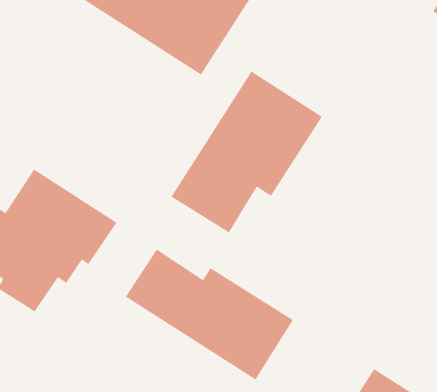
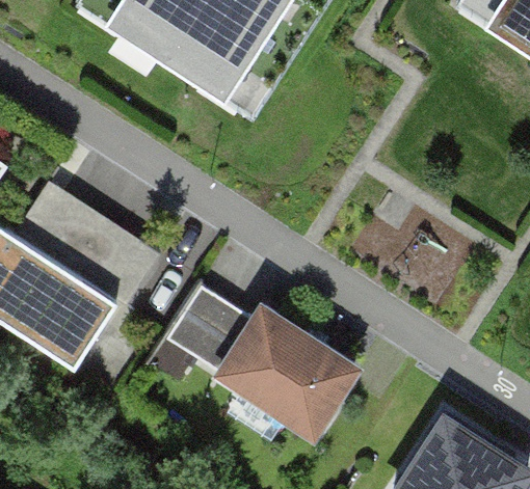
building: [171,70,323,233] -> none

